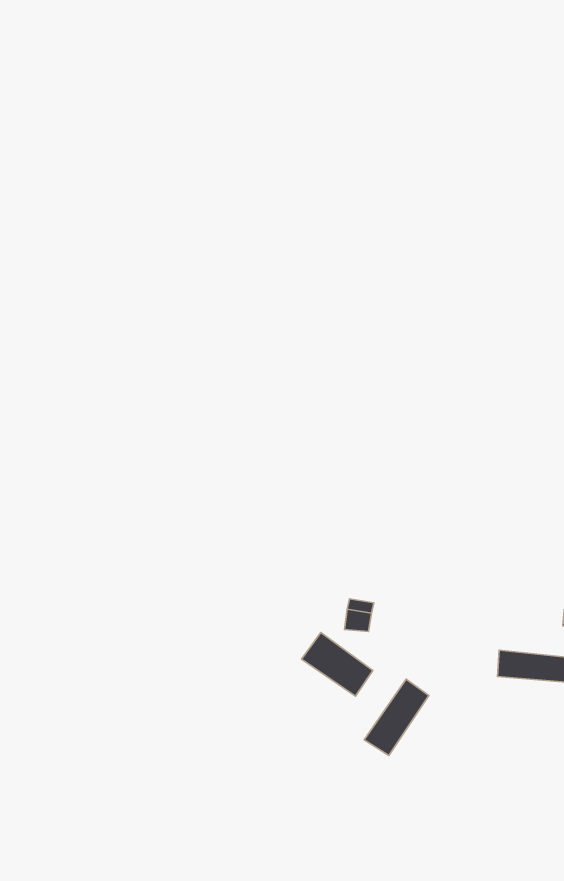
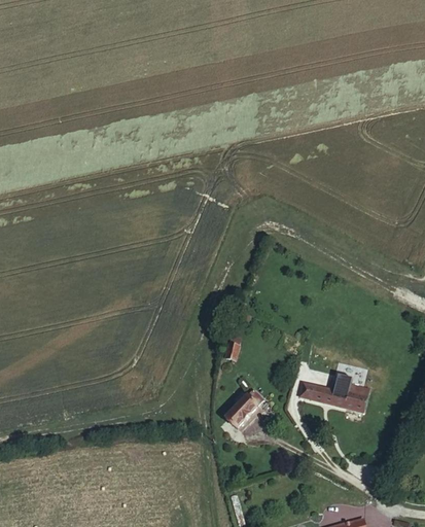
building: [302,633,373,696] -> none

